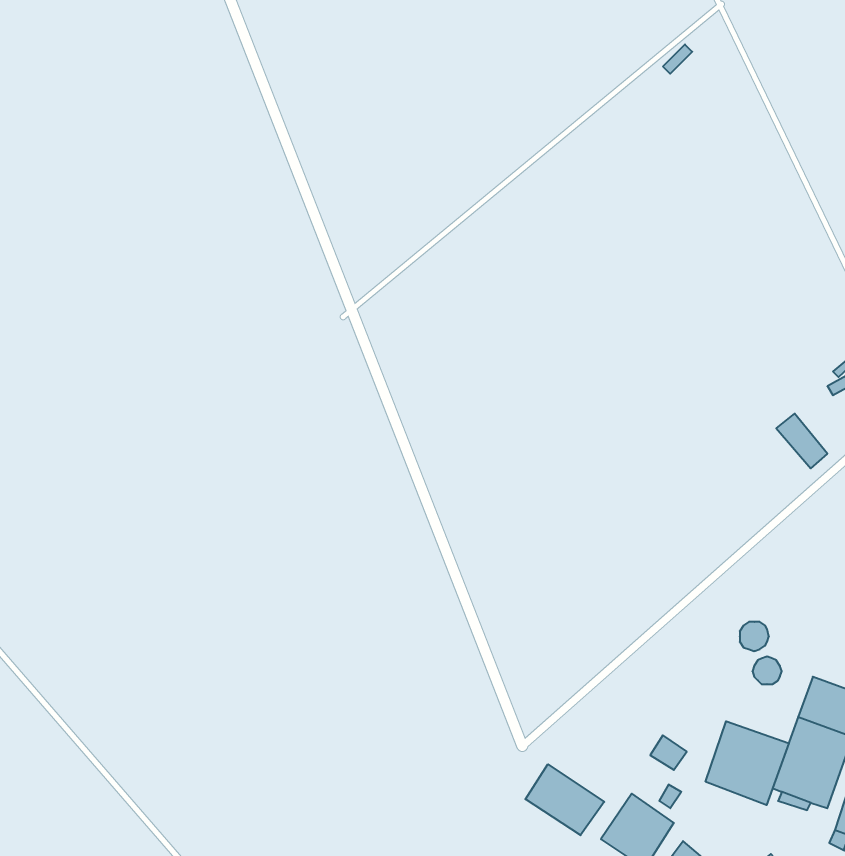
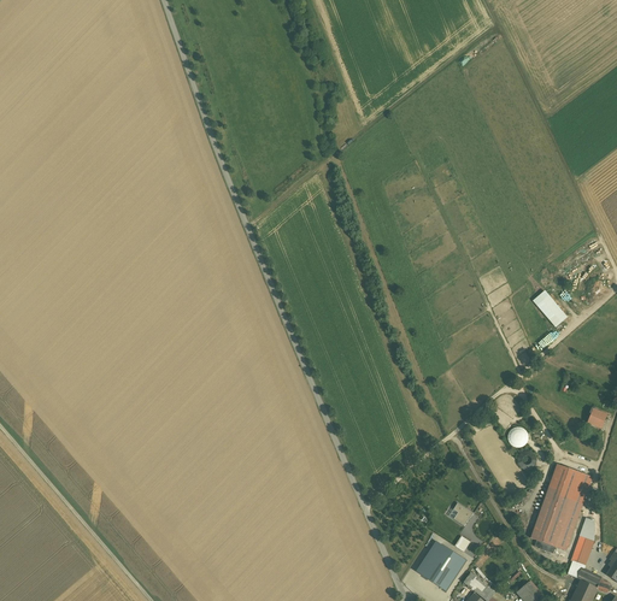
building: [706,721,789,805] -> none
building: [525,764,604,835] -> none

